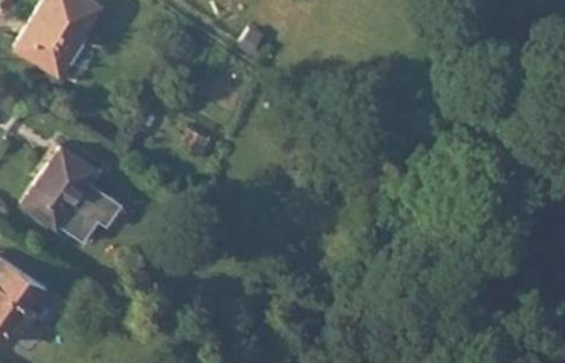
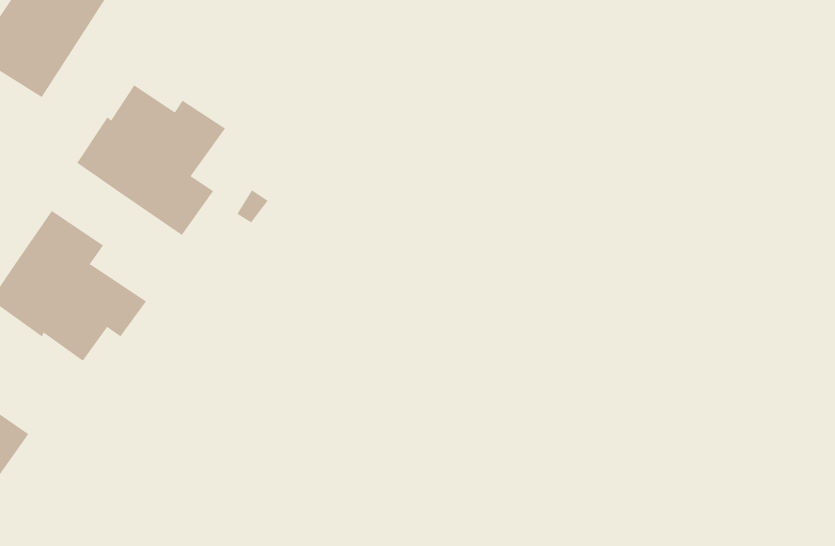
building: none -> [77,84,226,236]

